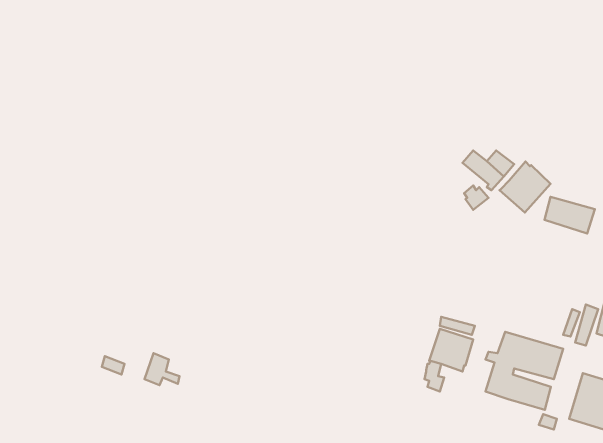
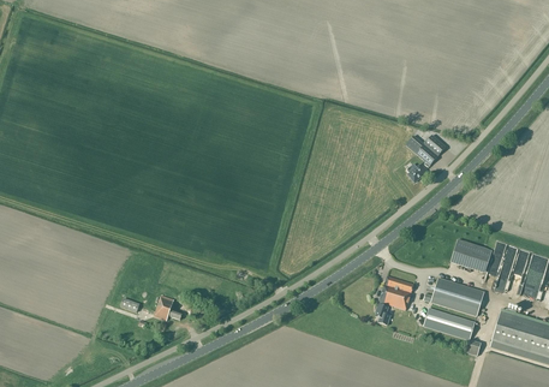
building: [499,162,551,212] -> none
building: [544,197,595,234] -> [452,239,491,268]

